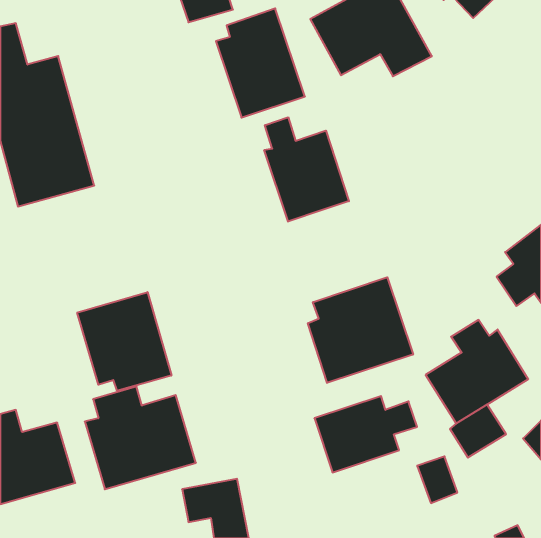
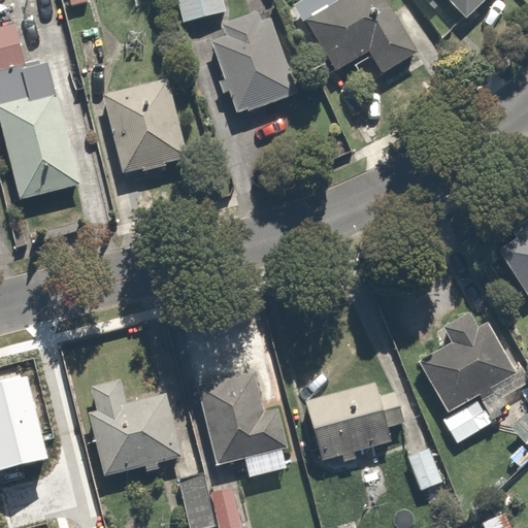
building: none -> [101,78,191,174]
building: [264,117,349,222] -> none
building: [308,277,413,383] -> none
building: [77,292,171,391] -> none
building: none -> [195,372,287,467]

